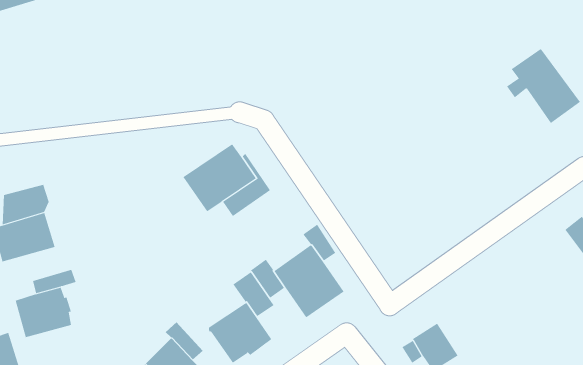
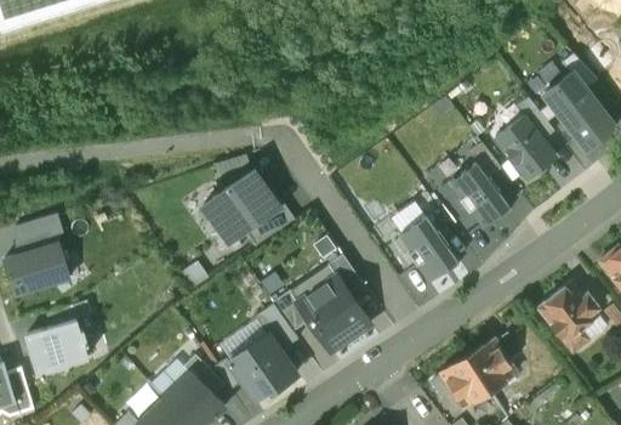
building: none -> [495,113,554,177]
building: none -> [450,162,511,225]
building: none -> [398,215,458,279]
building: none -> [537,280,598,353]
building: none -> [467,339,515,390]

